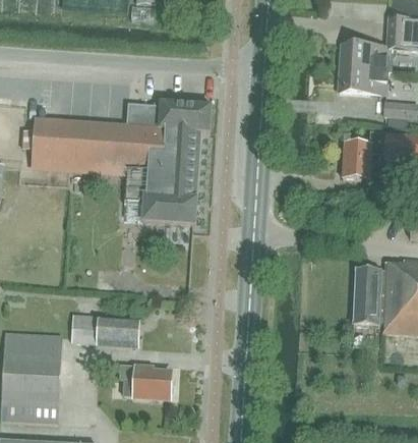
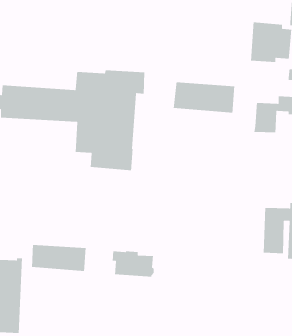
building: none -> [173,82,235,114]
building: [120,366,172,398] -> [112,251,155,277]

